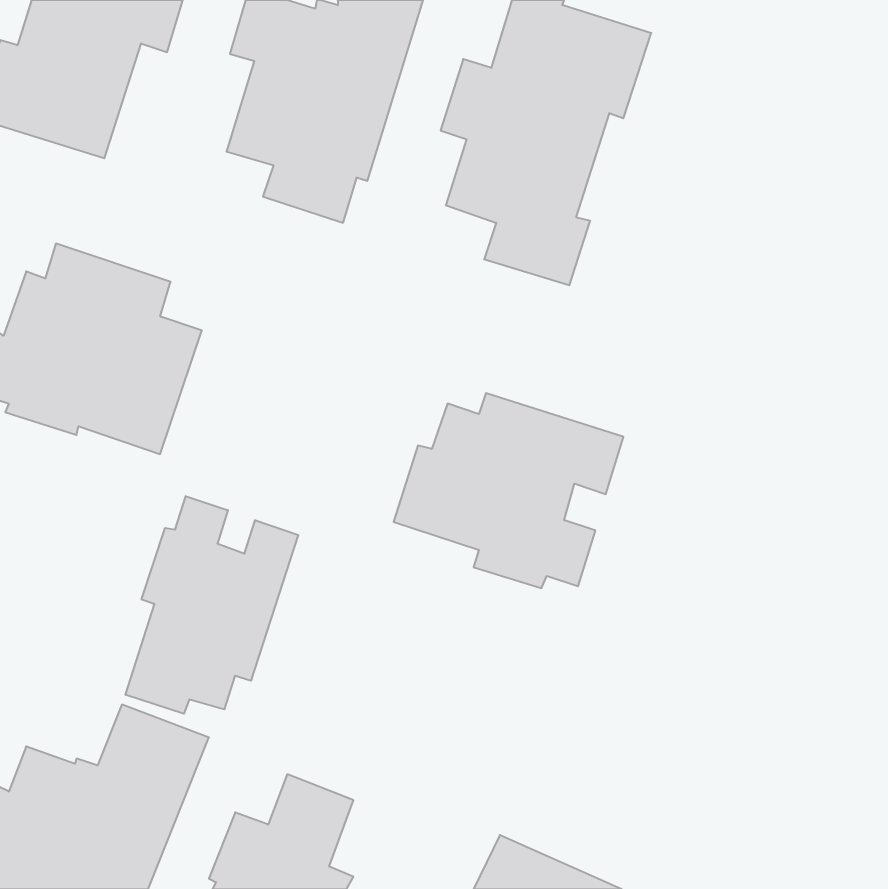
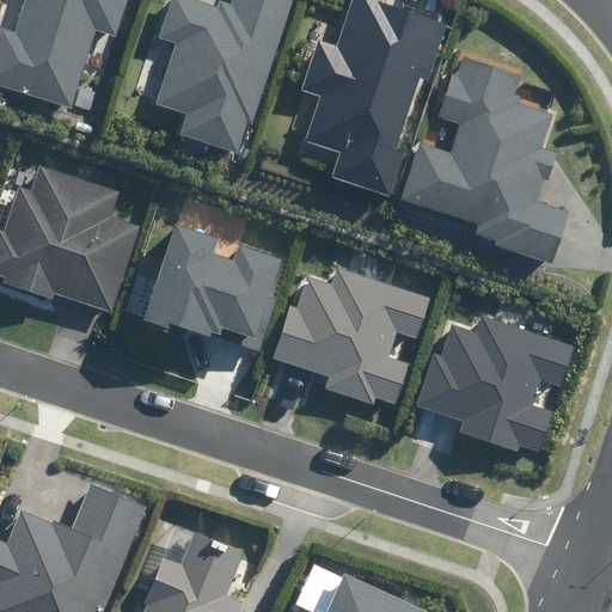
building: none -> [402,57,569,264]
building: none -> [142,225,281,351]
building: none -> [415,314,575,452]
building: [126,496,298,714] -> none

